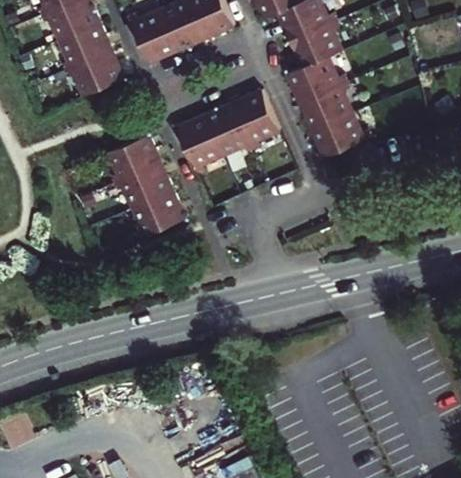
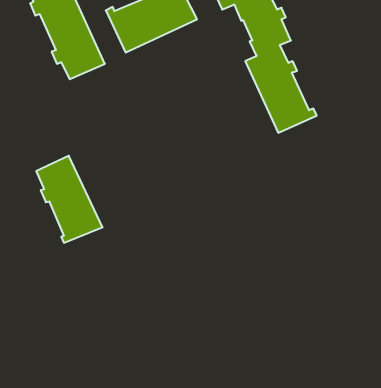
building: [178,88,281,172] -> none
building: [109,136,186,237] -> [36,156,103,243]

